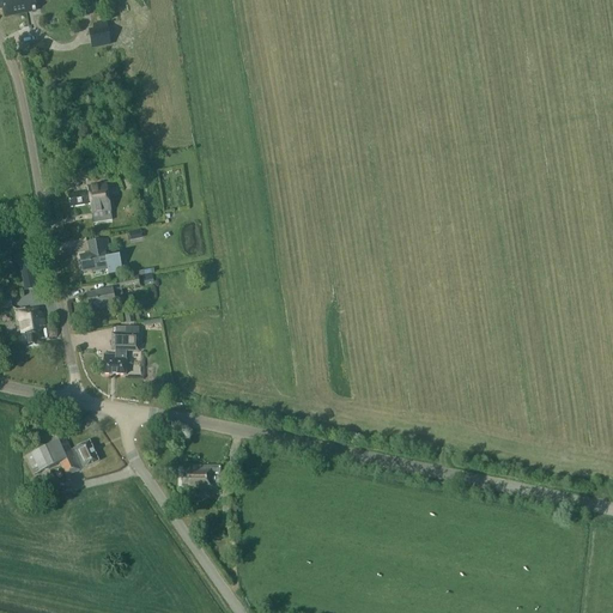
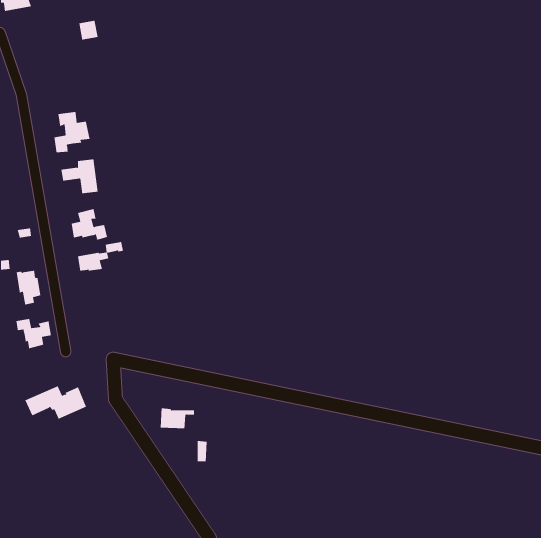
building: none -> [54,111,90,153]
building: [103,330,140,372] -> none
building: none -> [16,318,52,349]

